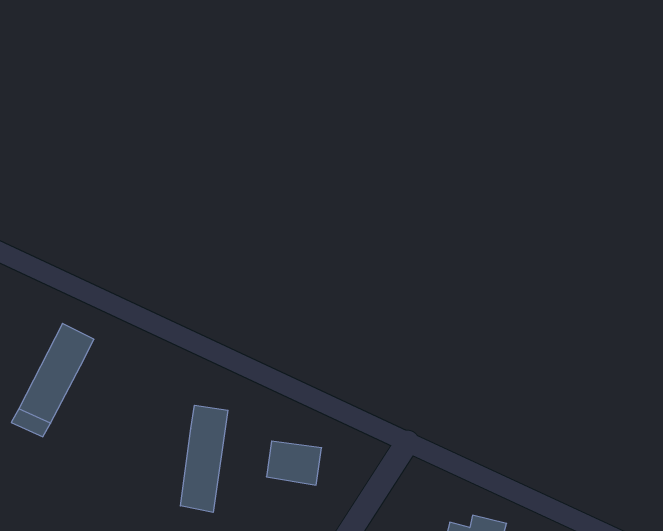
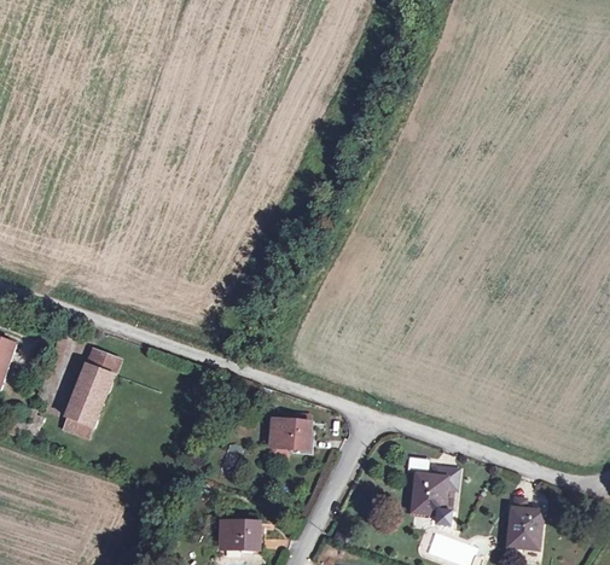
building: [180,405,228,512] -> none

